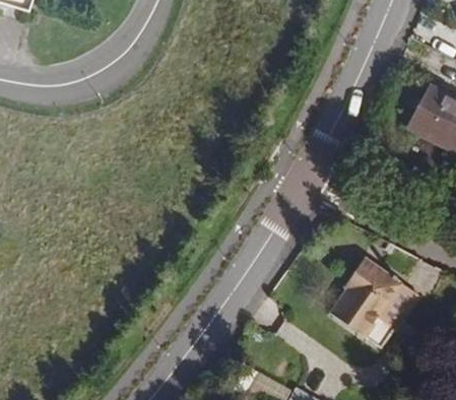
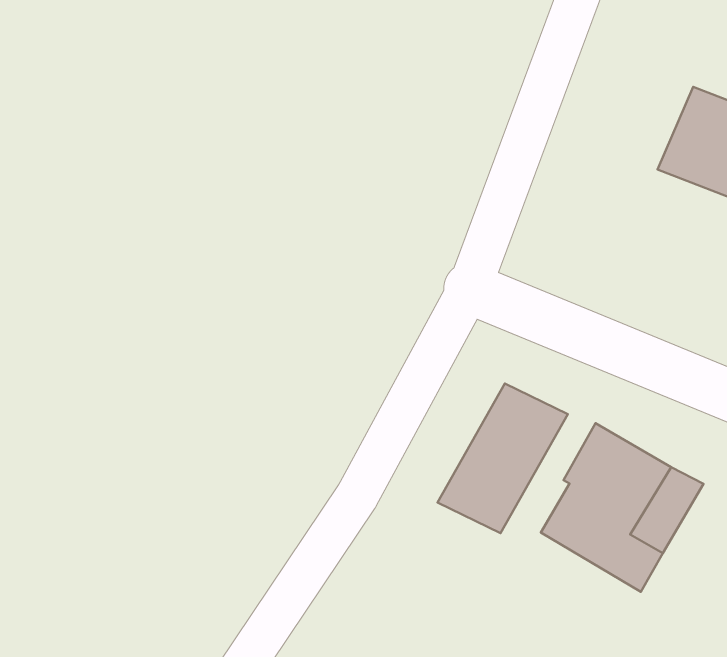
building: none -> [437,383,568,533]

